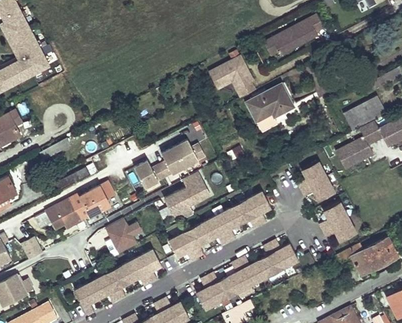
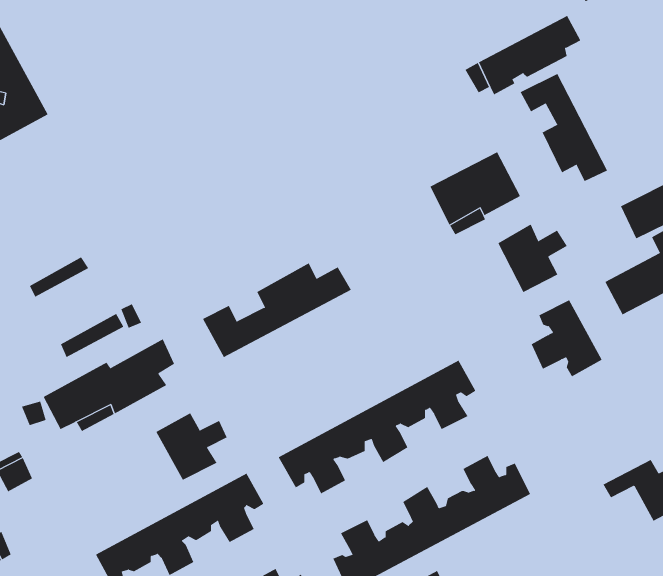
building: none -> [520,73,608,182]
building: [208,56,255,98] -> none
building: none -> [498,224,567,293]
building: [164,174,205,223] -> none
building: [319,202,356,242] -> none

